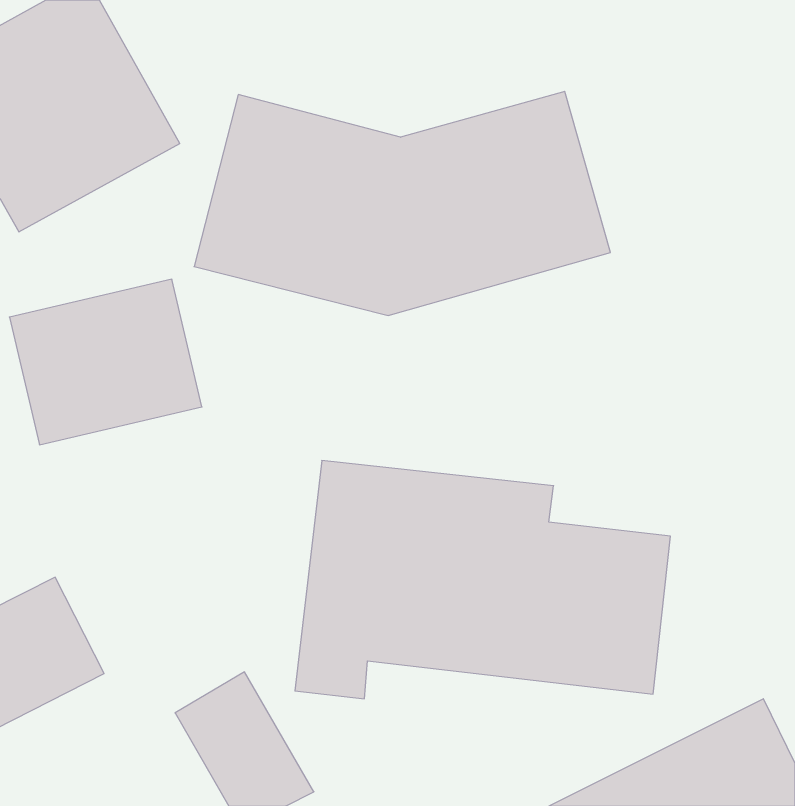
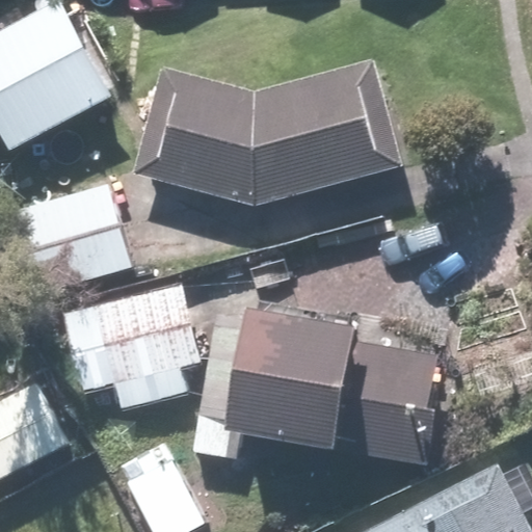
building: none -> [60,282,205,407]

